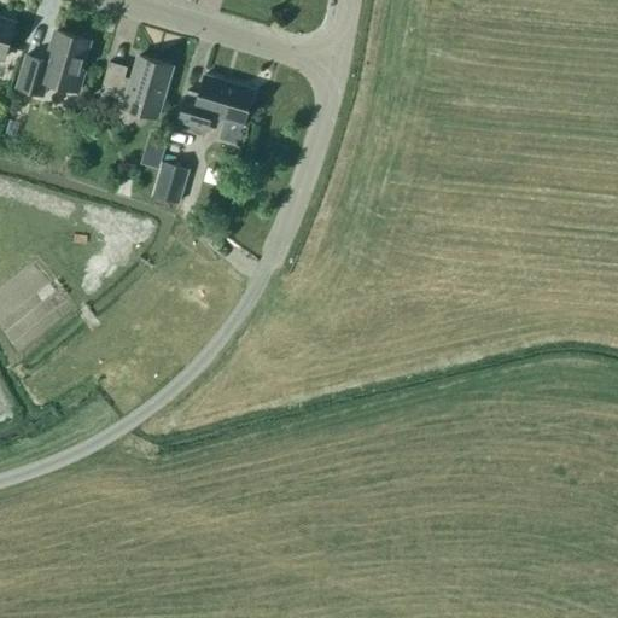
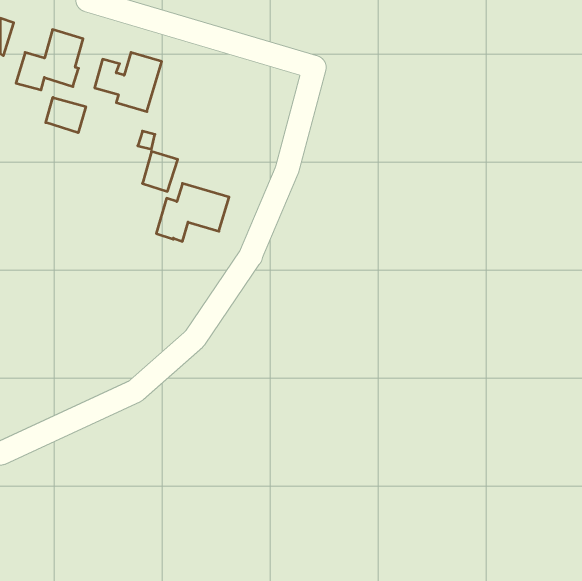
building: [176,76,253,138] -> [156,183,229,241]
building: none -> [46,97,86,133]

